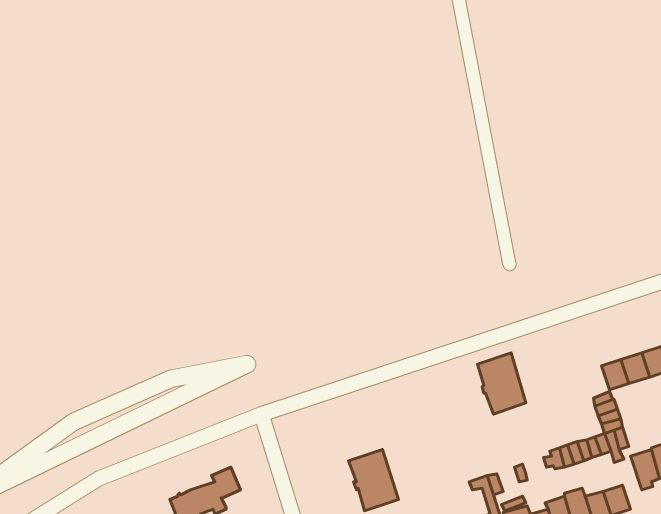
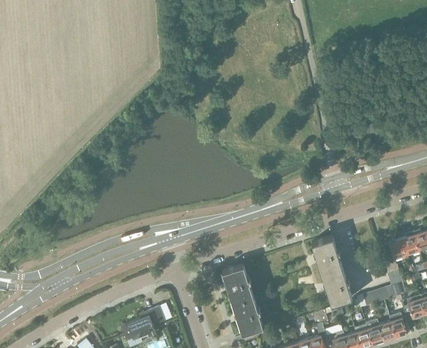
building: none -> [222,265,253,303]
building: none -> [322,267,352,305]

